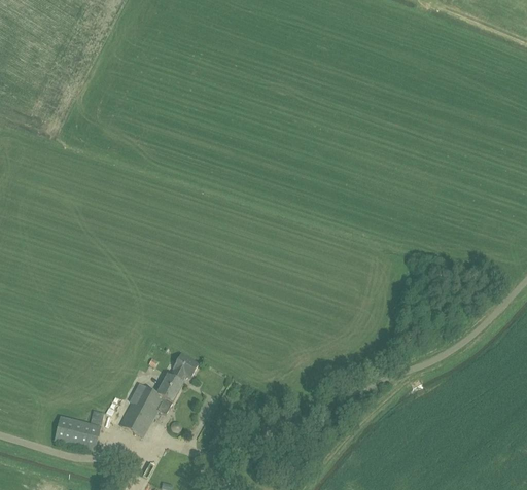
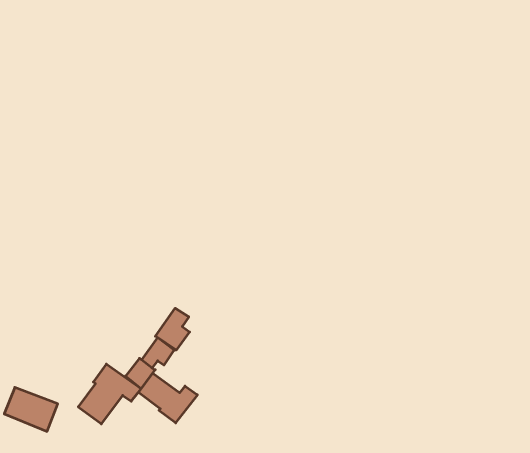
building: none -> [155,308,190,350]
building: none -> [139,373,197,423]

